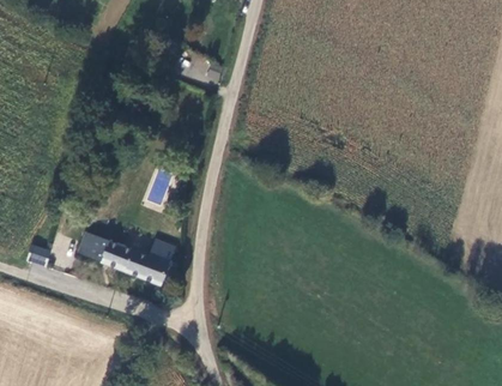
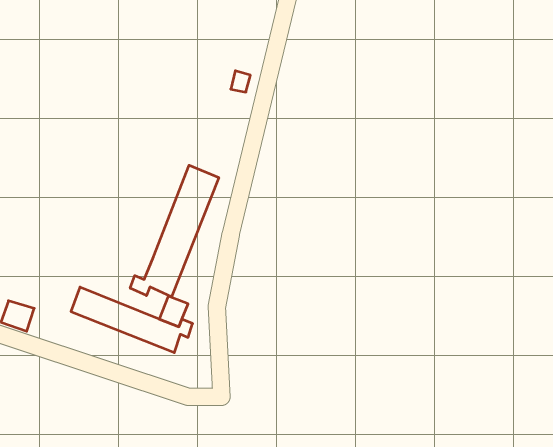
building: none -> [130,165,219,297]

